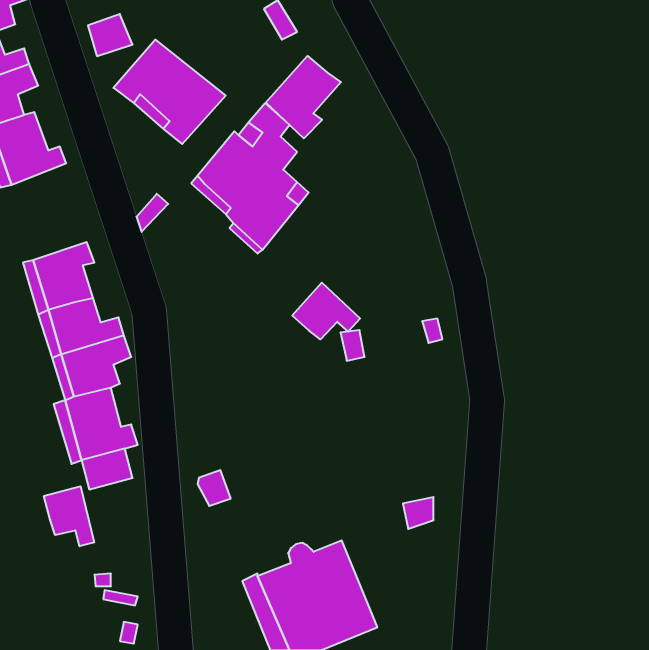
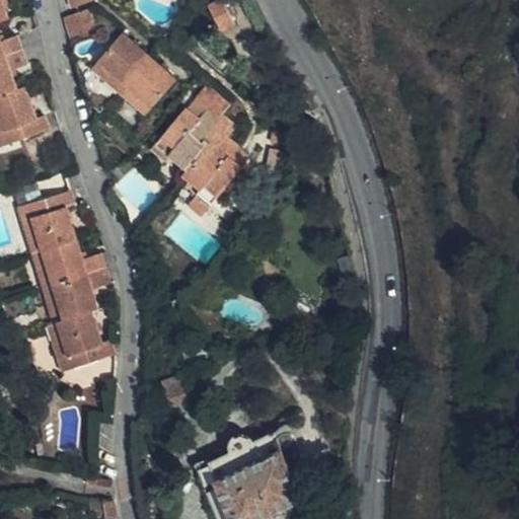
building: [266,56,341,138] -> none
building: [292,283,360,339] -> none
building: [44,486,94,546] -> none

